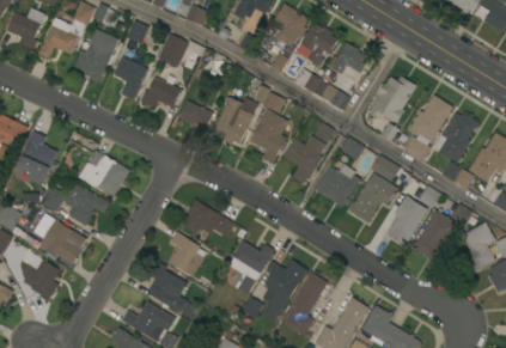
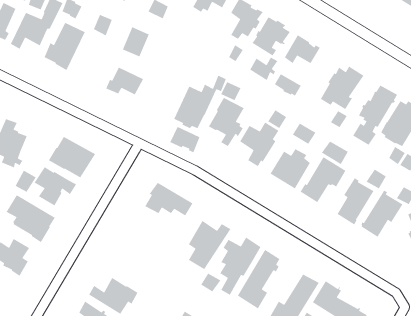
building: [114,56,148,99] -> none
building: [179,100,213,130] -> [169,126,201,154]
building: [167,231,206,276] -> none
building: [147,262,197,319] -> none

